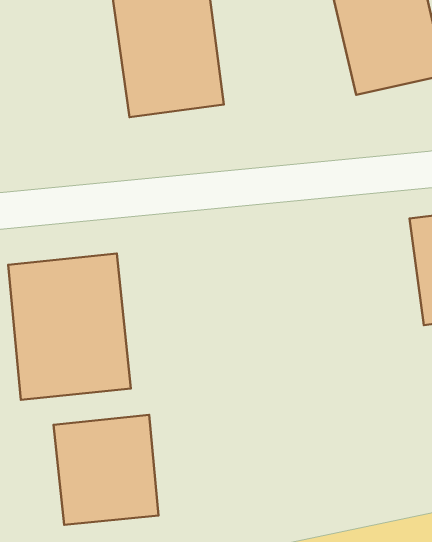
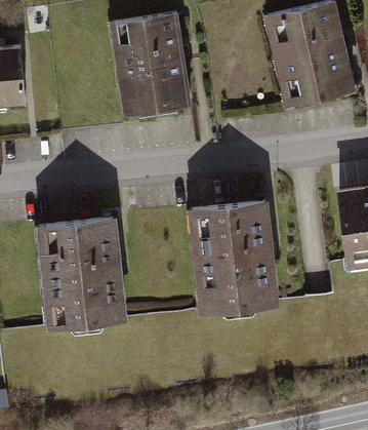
building: none -> [188,200,279,312]
building: [53,415,158,525] -> none

